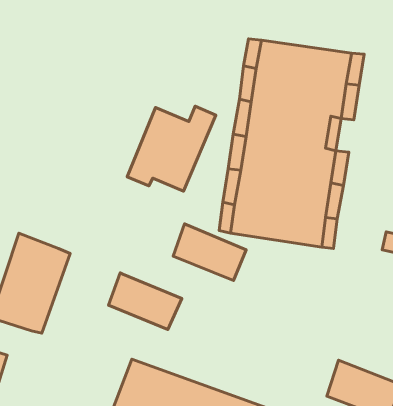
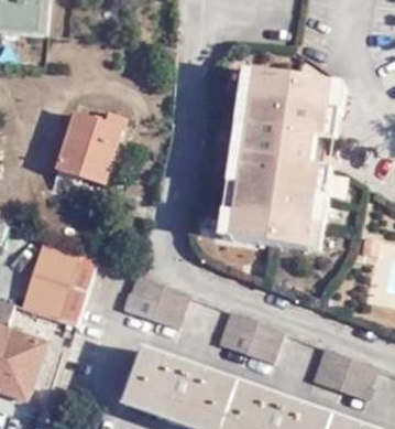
building: [127,106,216,191] -> [54,109,130,182]
building: [173,224,246,281] -> [219,311,282,360]

